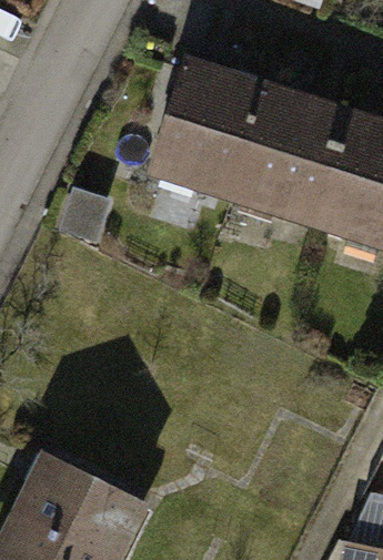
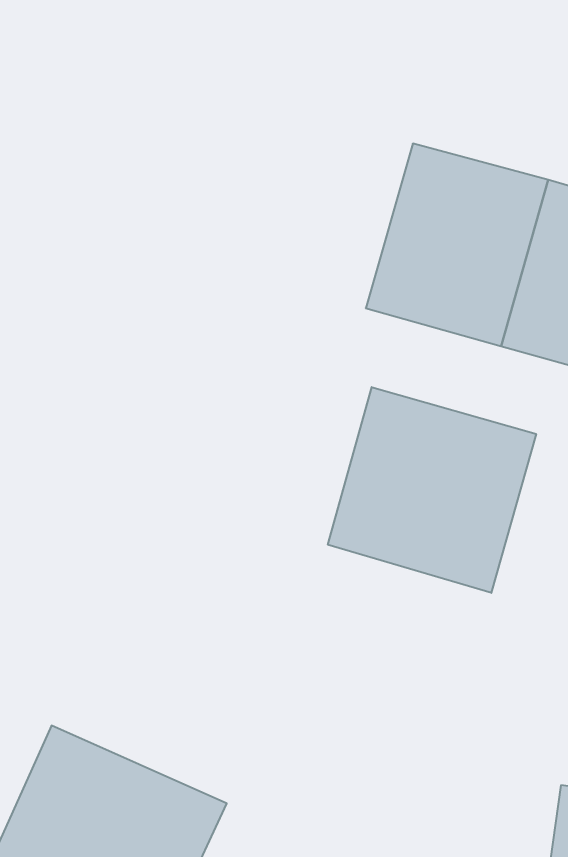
building: [151,77,263,201] -> none
building: none -> [328,387,536,593]

